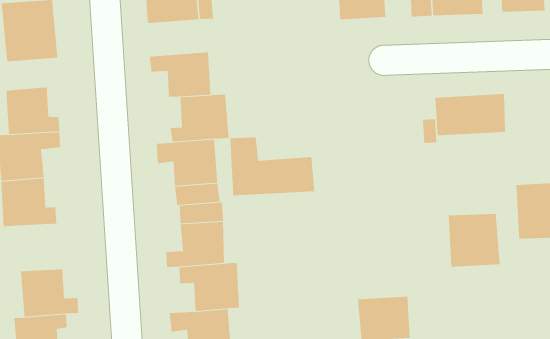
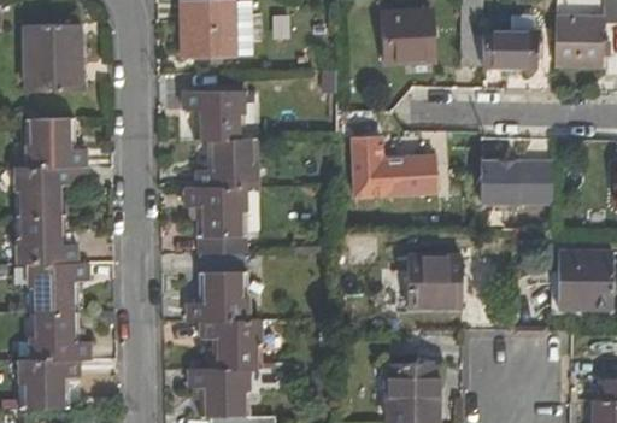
building: [229,137,315,196] -> [348,134,436,195]
building: [448,214,500,267] -> [409,253,462,309]
building: none -> [29,264,90,312]

